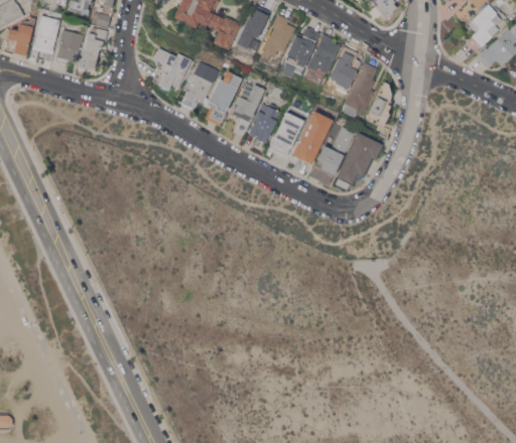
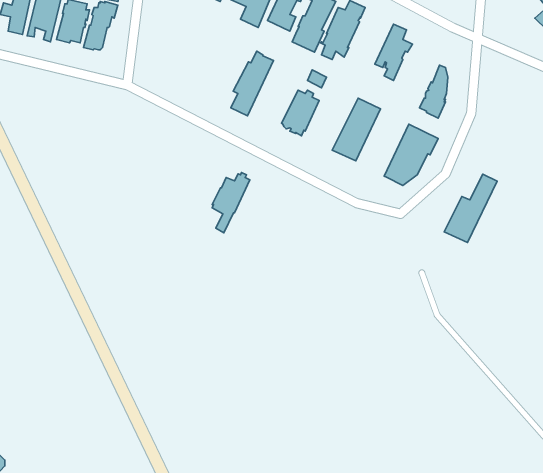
building: [306,34,340,75] -> none
building: [152,48,190,91] -> none
building: [180,61,219,109] -> none
building: [342,62,377,118] -> none
building: [232,84,264,135] -> [212,173,250,233]
building: [267,111,304,157] -> none
building: [308,127,354,185] -> [444,174,497,242]

